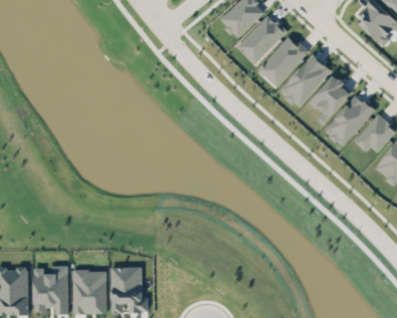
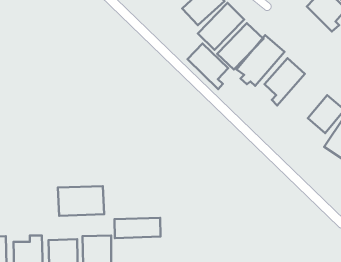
building: none -> [187,43,228,89]
building: [324,94,374,147] -> none
building: none -> [58,186,104,216]
building: none -> [115,218,161,238]

